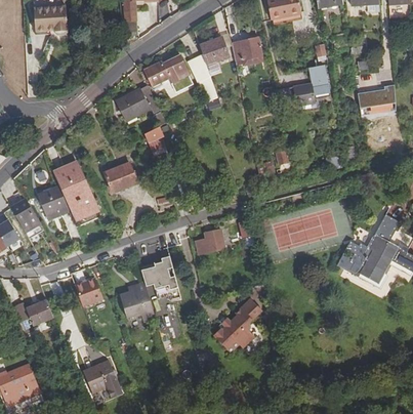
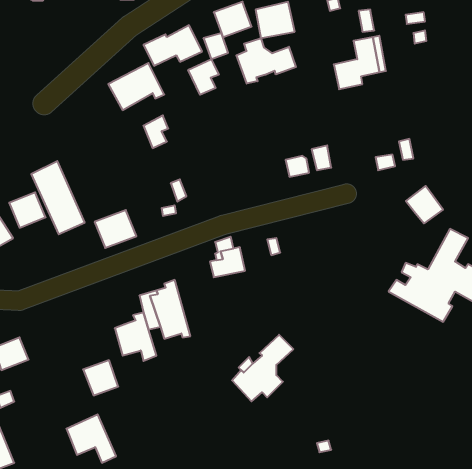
building: none -> [236,38,296,84]
building: none -> [188,59,219,95]
building: [357,86,397,114] -> none
building: [105,162,137,192] -> [95,210,136,248]
building: none -> [406,186,443,223]
building: [75,278,102,305] -> [83,360,118,395]

